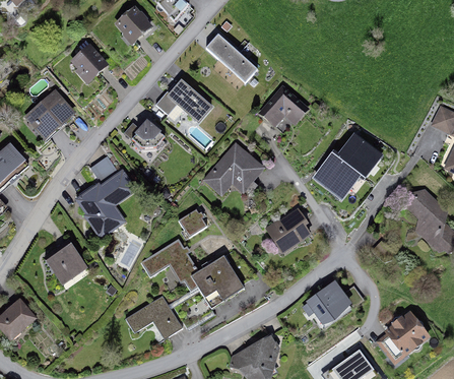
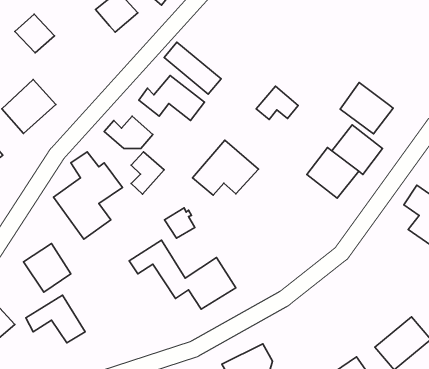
building: [204,33,258,81] -> [164,42,221,94]
building: [70,43,108,79] -> [15,14,55,53]
building: none -> [340,82,393,134]
building: none -> [131,152,164,194]
building: [267,209,311,252] -> none
building: [301,279,352,325] -> none
building: [126,297,182,341] -> [26,295,85,343]

